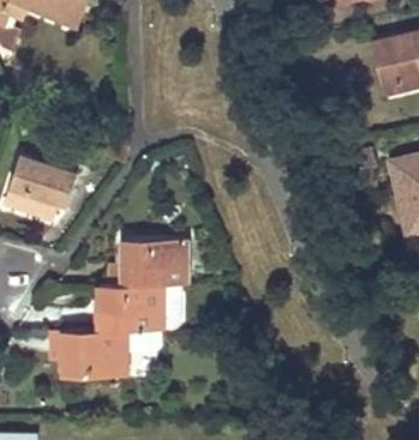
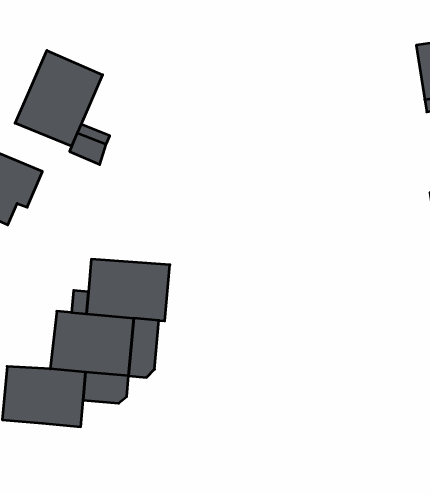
building: none -> [15,50,103,146]

